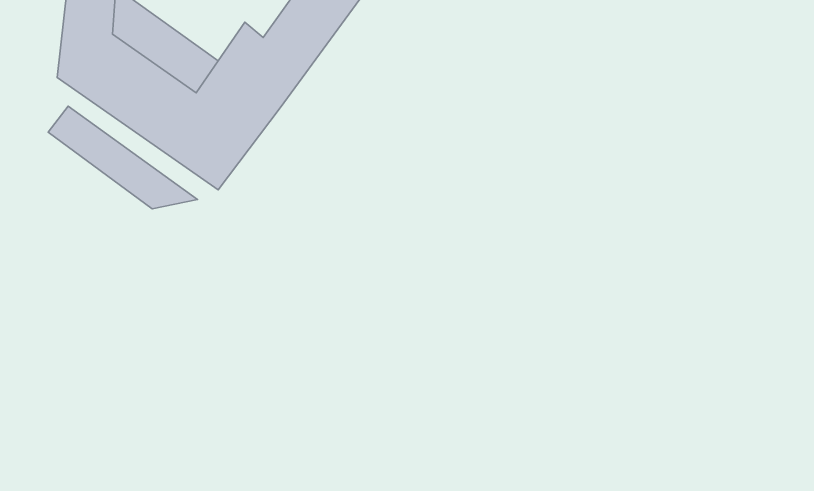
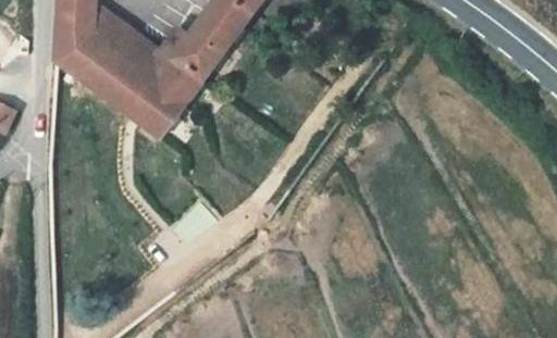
building: [48,106,198,209] -> none

